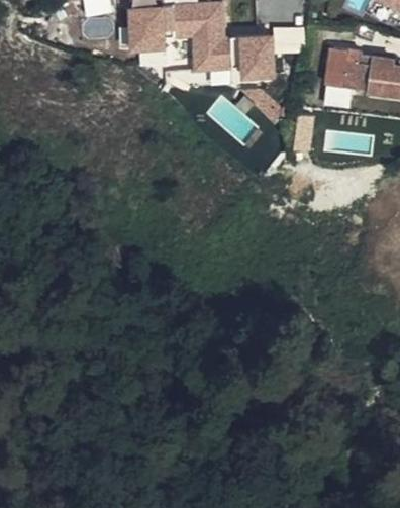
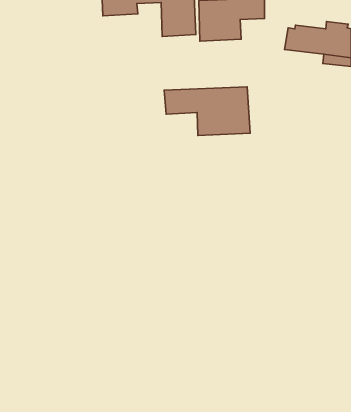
building: none -> [164,87,250,135]

